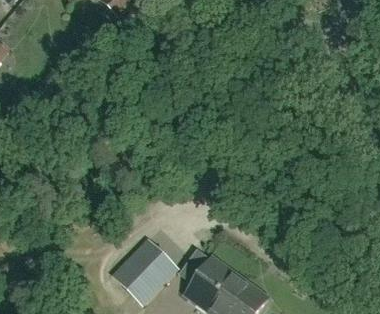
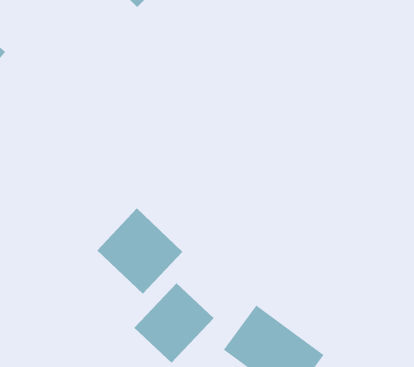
building: none -> [96,208,183,295]

